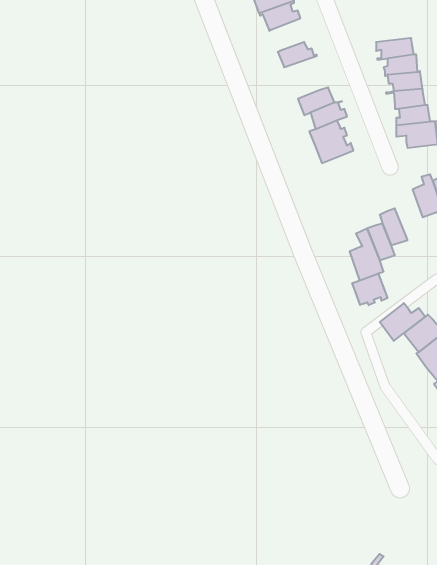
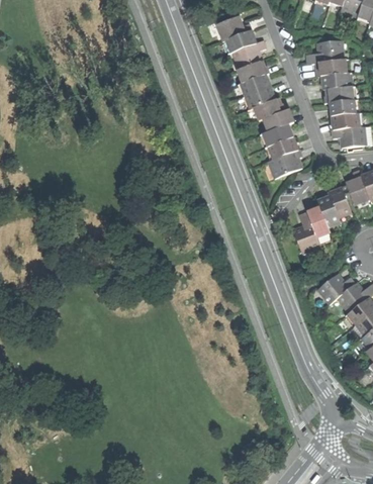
building: none -> [306,40,343,64]
building: none -> [231,41,265,70]
building: none -> [240,76,272,109]
building: none -> [267,150,301,179]
building: none -> [330,188,353,218]
building: [352,273,387,305] -> none

